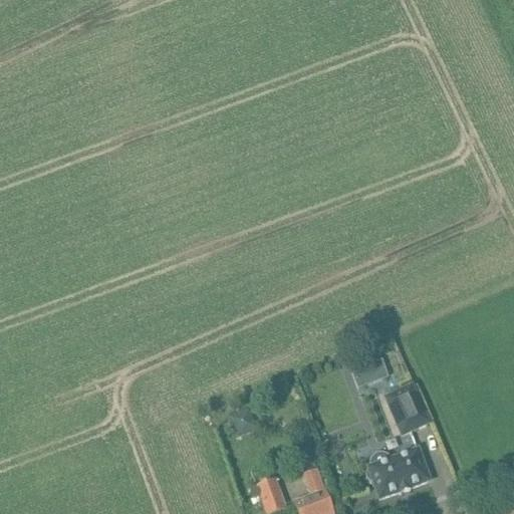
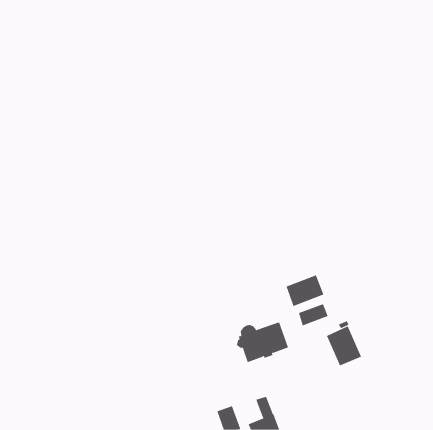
building: none -> [286,275,324,307]
building: [367,448,430,497] -> [236,321,289,363]

